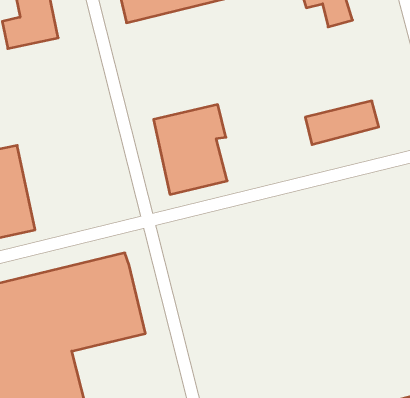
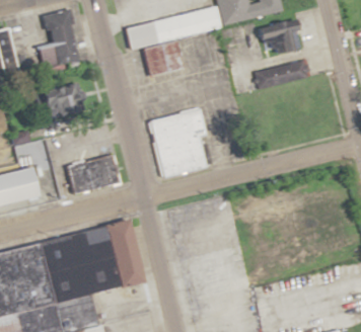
building: none -> [144,40,186,77]
building: none -> [42,88,81,115]
building: [305,101,379,145] -> [256,60,310,92]
building: none -> [69,156,122,194]

